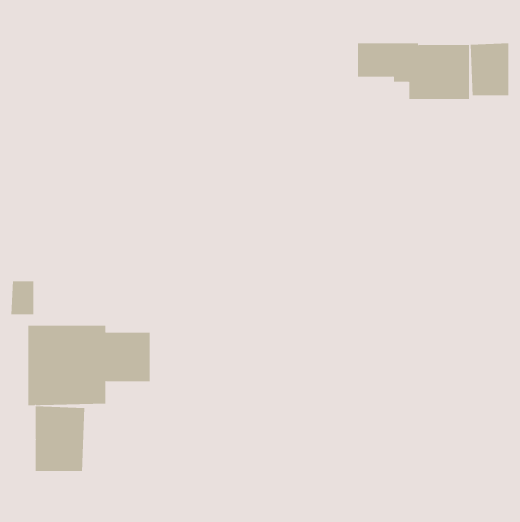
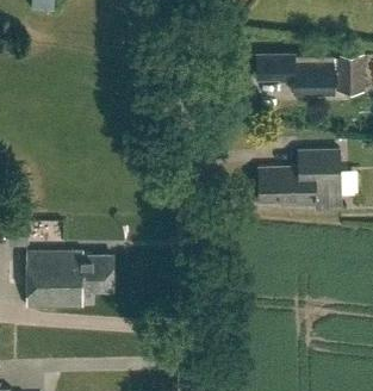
building: none -> [257,151,341,210]
building: [35,405,85,472] -> none

